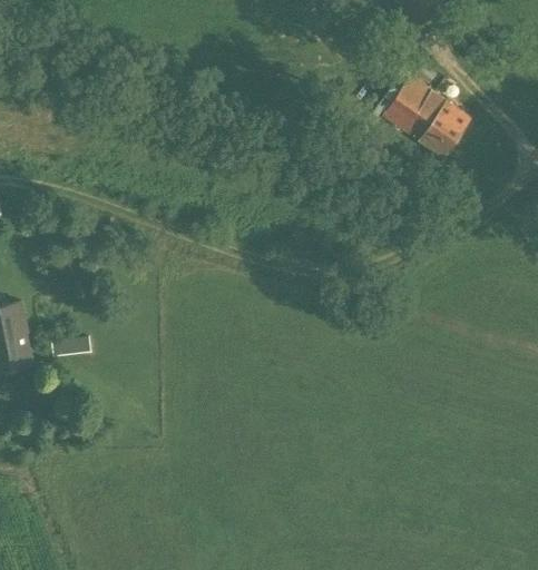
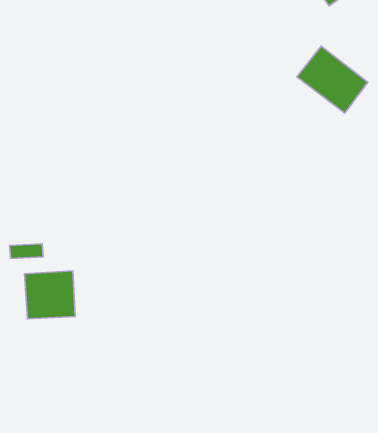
building: none -> [25,271,75,319]

